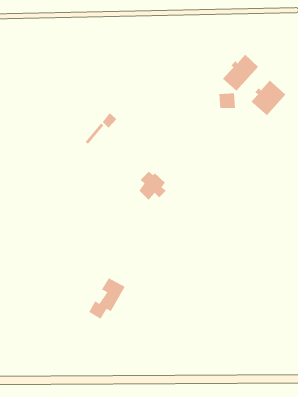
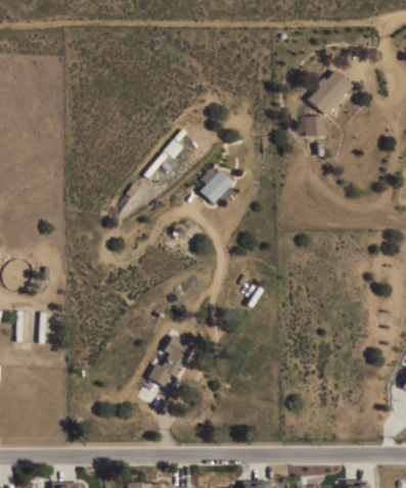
building: [250,79,286,116] -> none
building: [139,171,167,201] -> [198,169,232,205]

